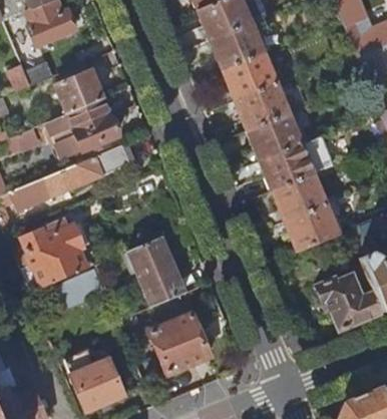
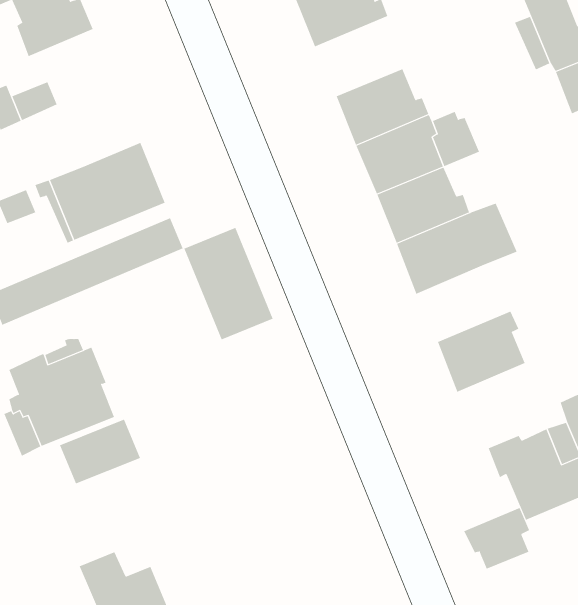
building: [211,21,265,70] -> none
building: [56,68,104,113] -> none
building: [273,173,331,221] -> none
building: [129,237,184,306] -> [184,227,274,340]
building: [150,314,211,373] -> none
building: none -> [463,507,530,570]

